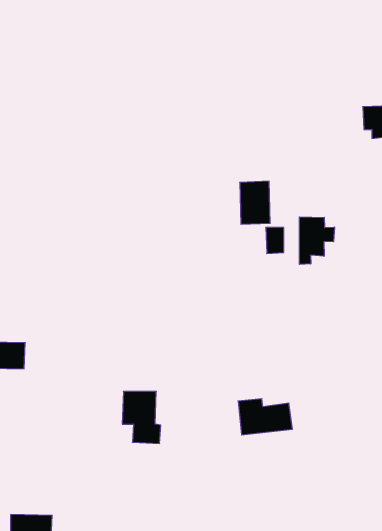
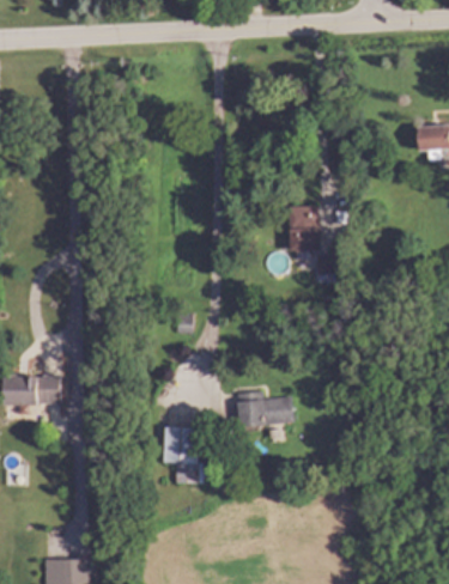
building: [300,217,334,264] -> none
building: [238,399,292,435] -> [236,391,293,430]

